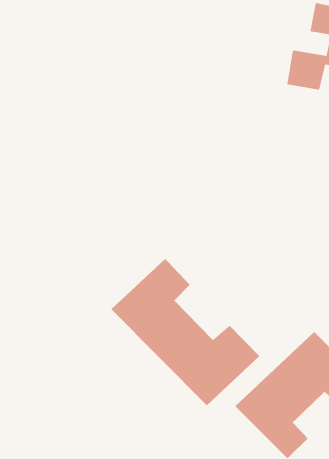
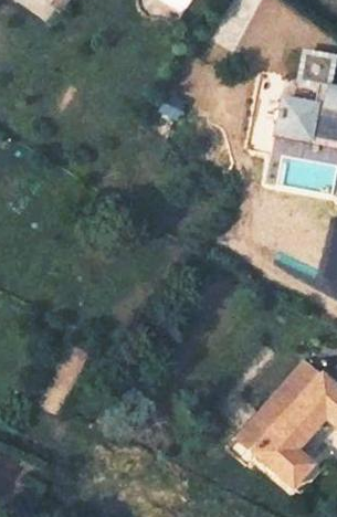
building: [111,258,260,406] -> none

